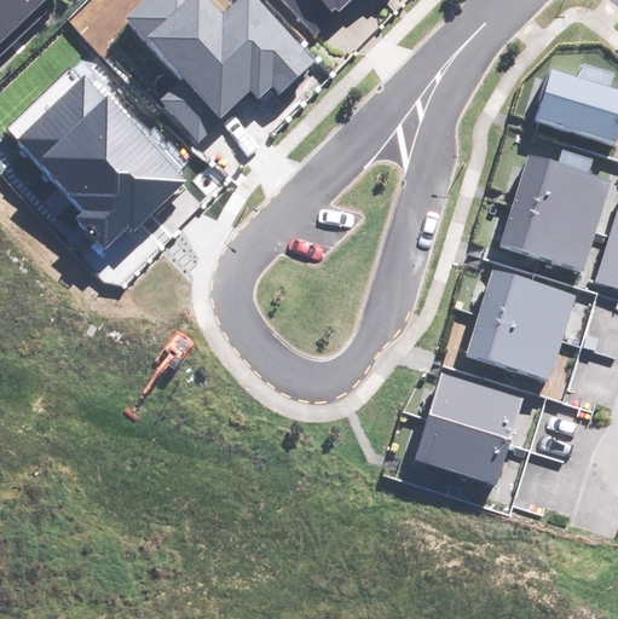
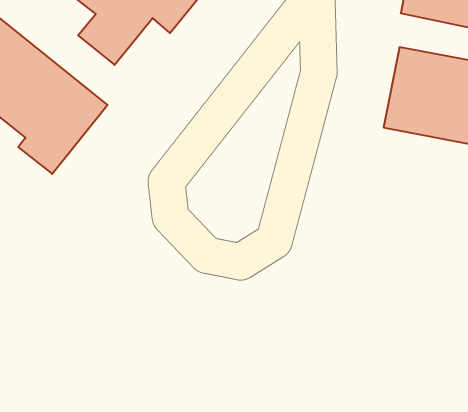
building: [464,270,577,381] -> none
building: [414,372,526,485] -> none

